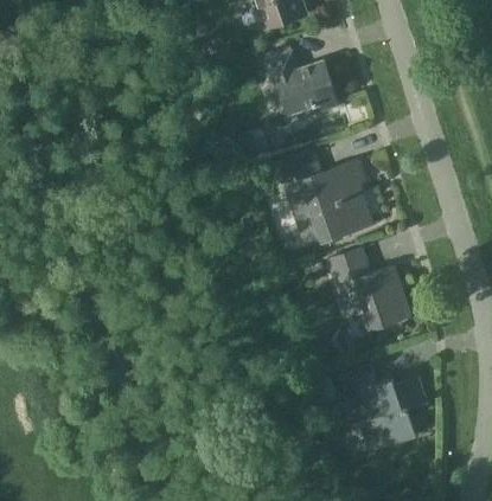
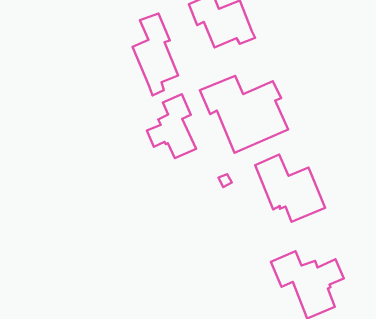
building: none -> [133,13,178,95]
building: none -> [147,94,196,158]

